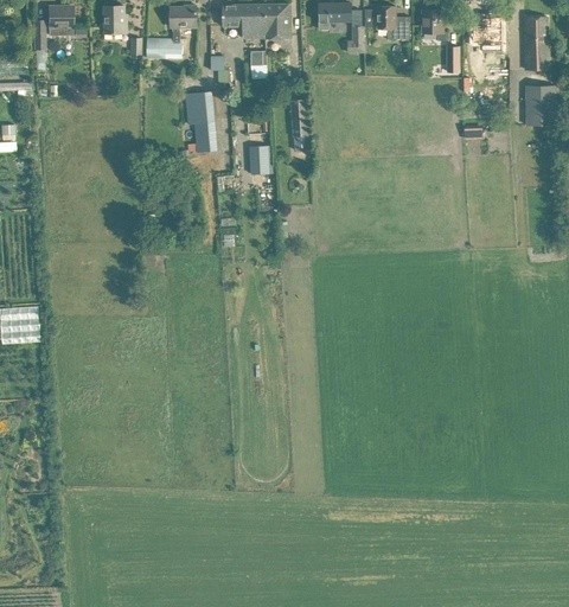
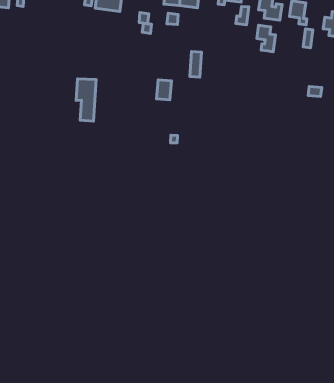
building: none -> [257,25,276,52]
building: [185,91,216,152] -> [76,79,96,121]

